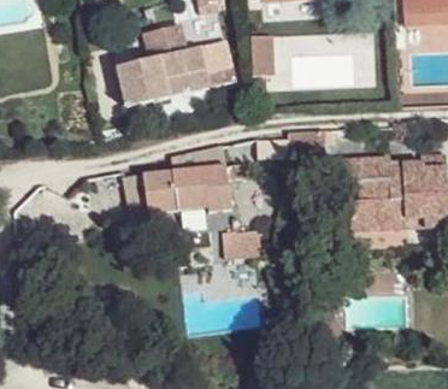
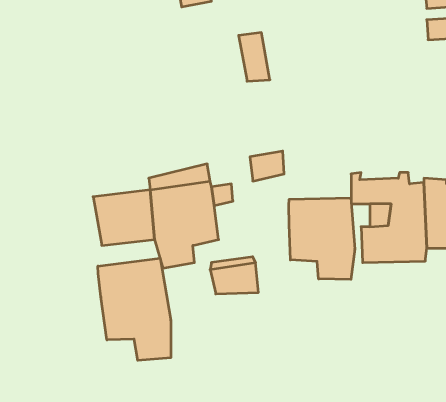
building: [116,22,232,100] -> none
building: none -> [289,198,355,279]
building: none -> [98,258,171,360]

